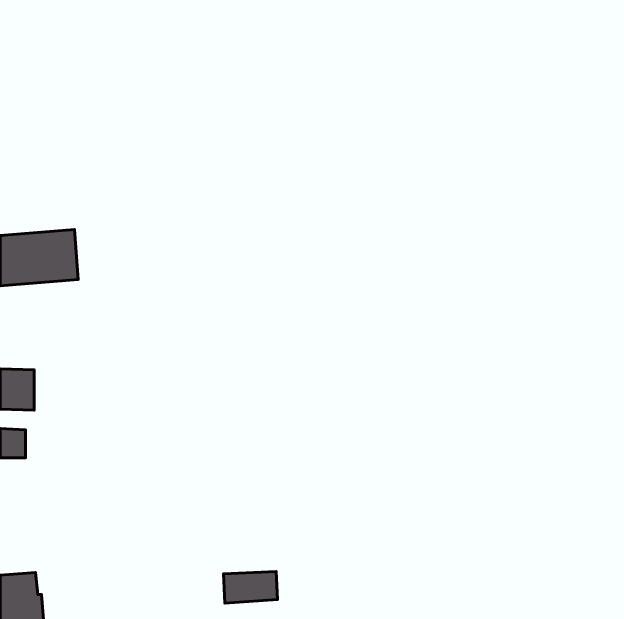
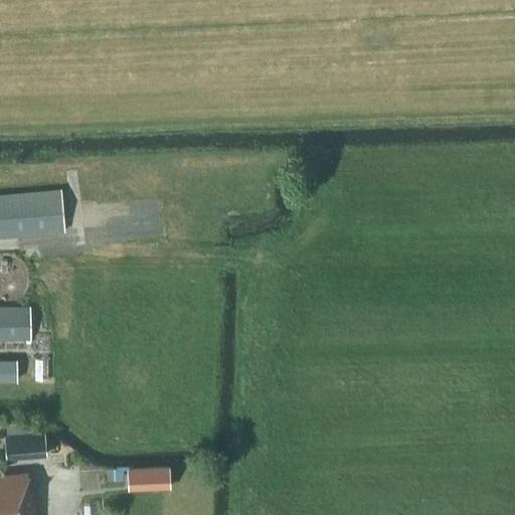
building: none -> [5,424,46,462]
building: [224,571,277,603] -> [126,467,170,493]

